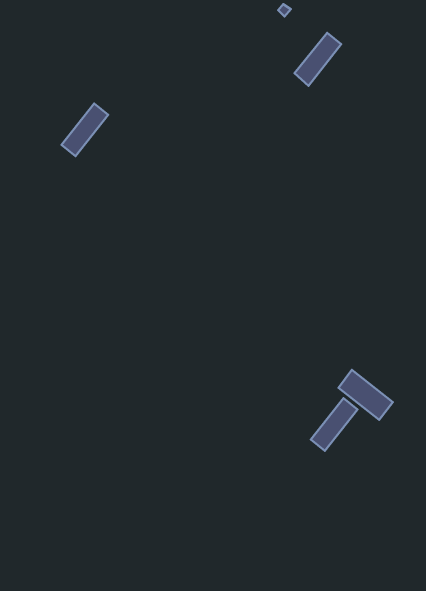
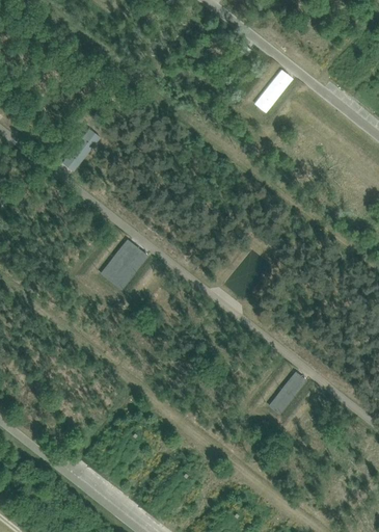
building: none -> [100,239,148,289]
building: [338,370,393,420] -> none

